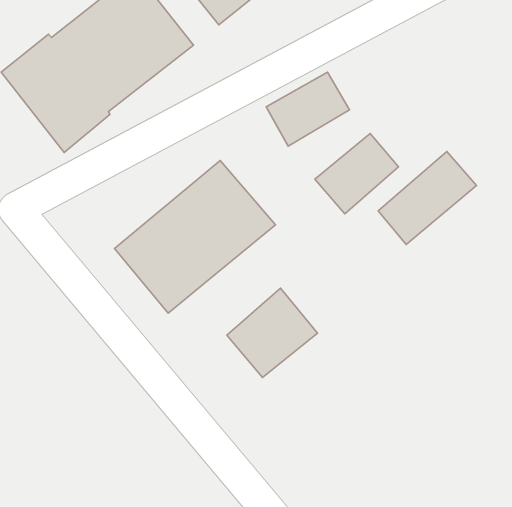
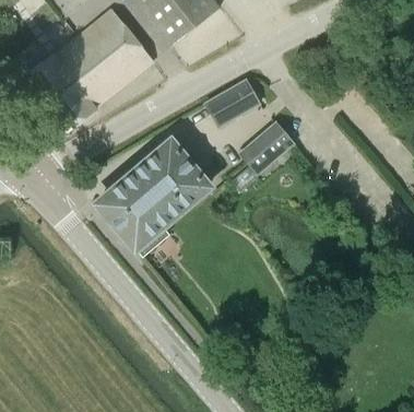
building: [378,152,476,245] -> none
building: [227,288,317,377] -> none

